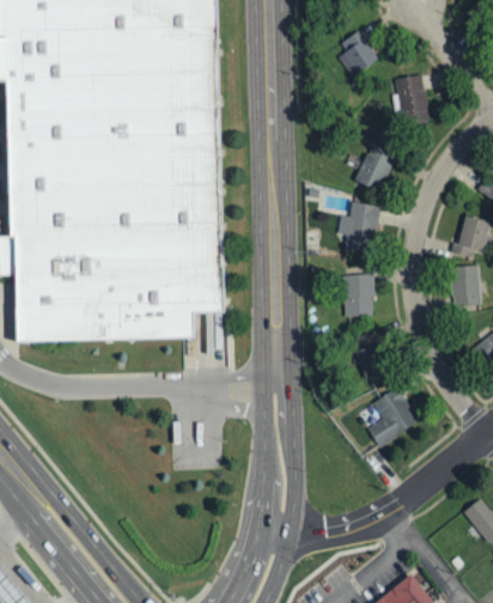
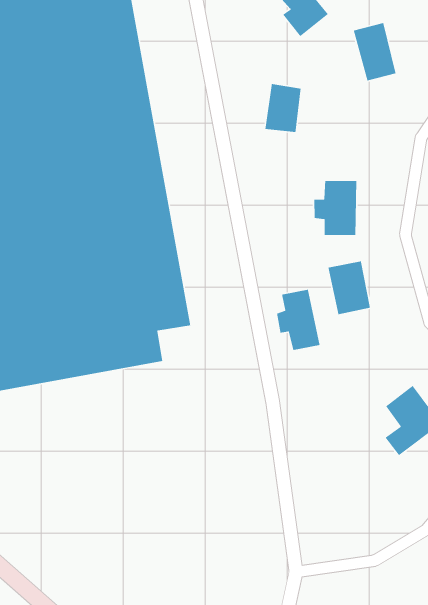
building: [357,146,394,191] -> [264,83,302,133]
building: none -> [276,289,320,351]
building: [357,345,388,379] -> none

